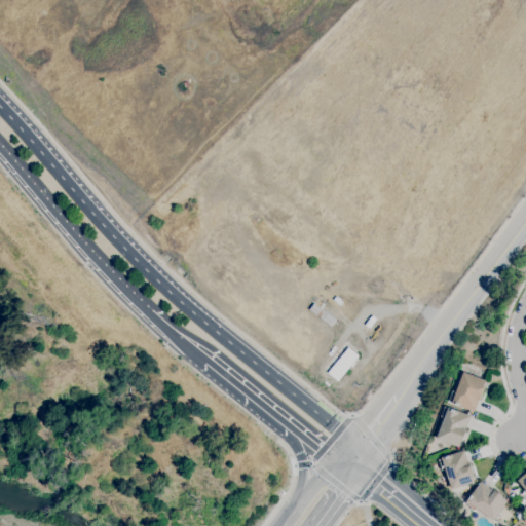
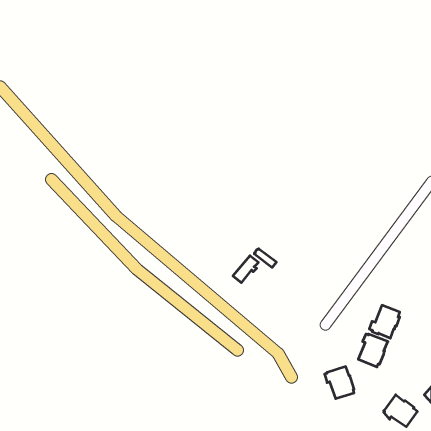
building: [329,347,360,380] -> [233,256,258,283]
building: [440,450,476,489] -> [325,367,354,399]

